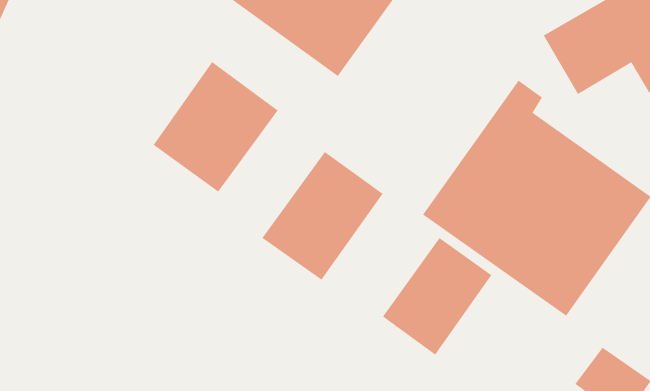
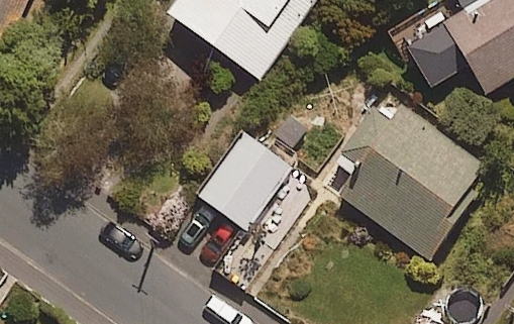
building: [153,61,278,193] -> none
building: [382,237,492,356] -> none

